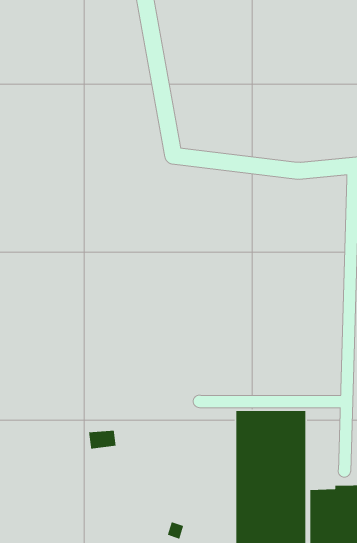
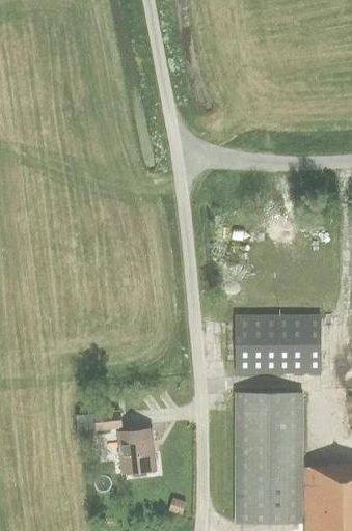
building: none -> [236,316,320,374]
building: none -> [117,429,156,474]

